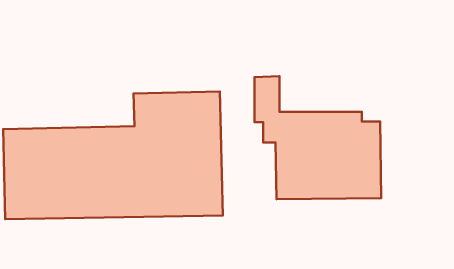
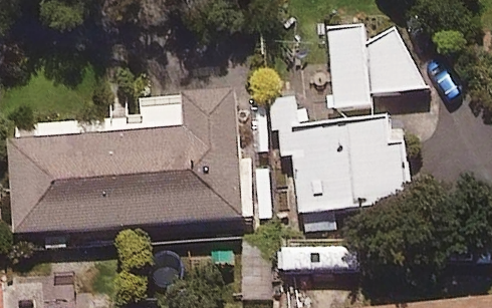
building: none -> [327,16,427,104]

